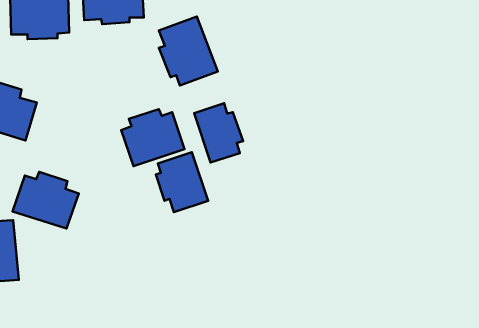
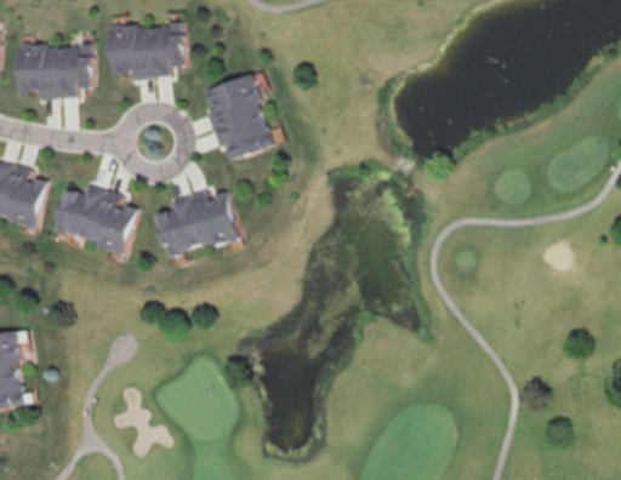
building: [194,103,243,163] -> none
building: [156,152,208,212] -> none
building: [13,172,79,229] -> [51,182,136,255]

